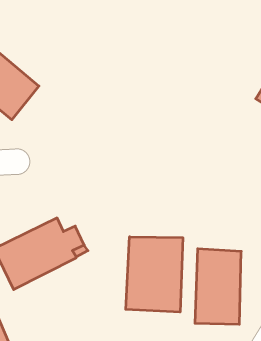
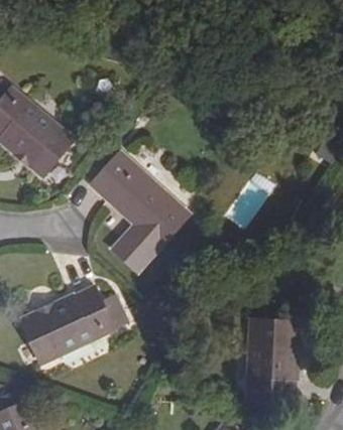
building: none -> [90,151,190,272]
building: [126,237,183,312] -> none

